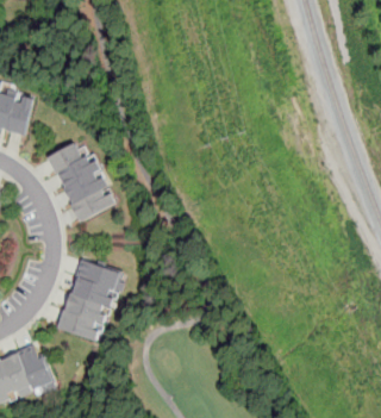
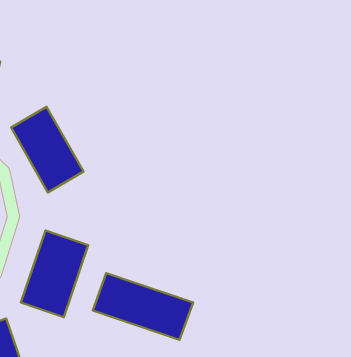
building: none -> [93,273,193,340]

